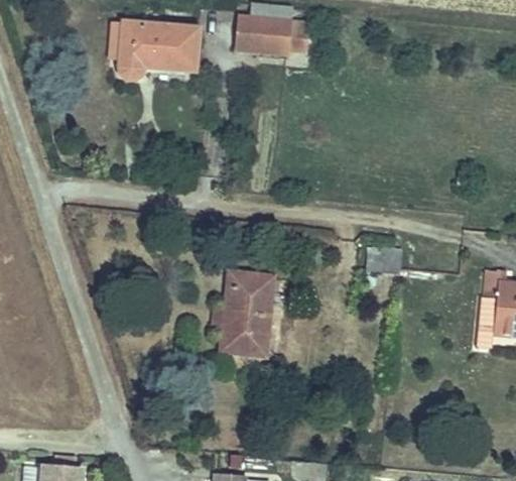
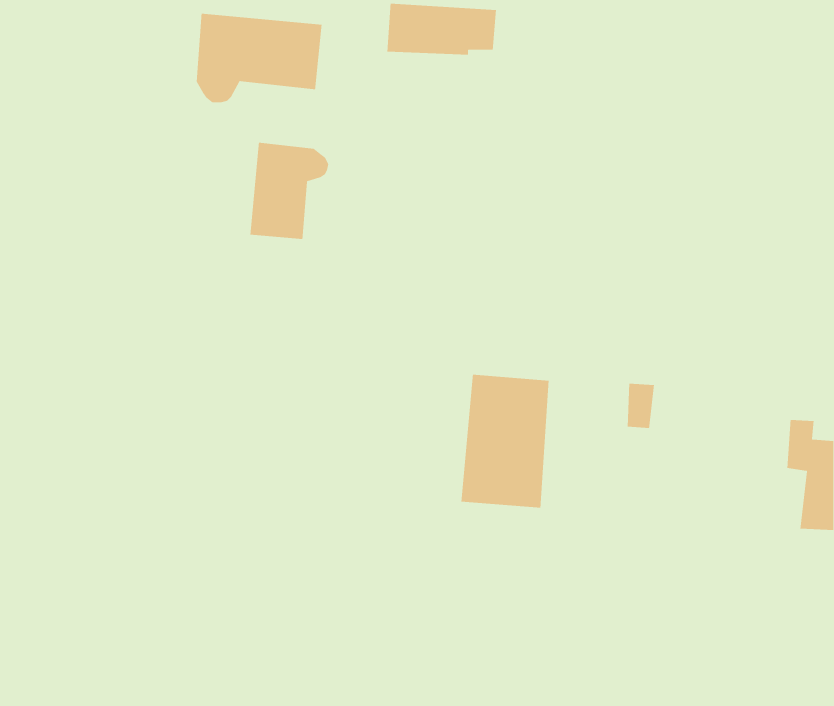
building: none -> [249,142,329,240]
building: [220,273,274,356] -> [461,374,549,509]

